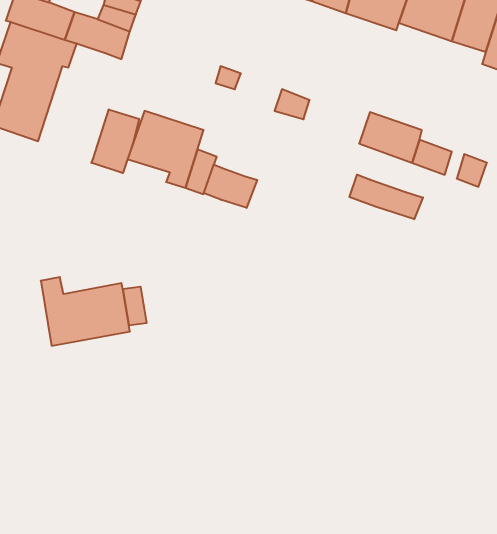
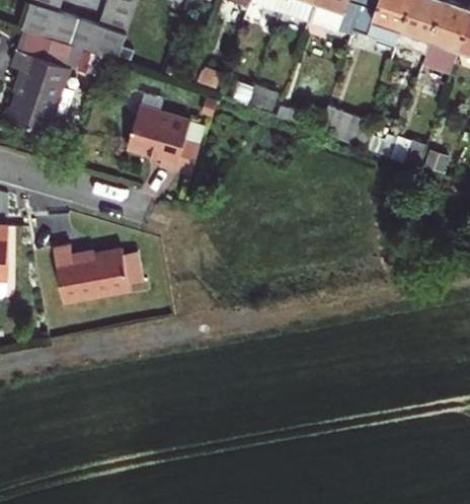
building: [91,109,139,173] -> none
building: [204,165,257,208] -> none
building: [349,175,423,219] -> none

